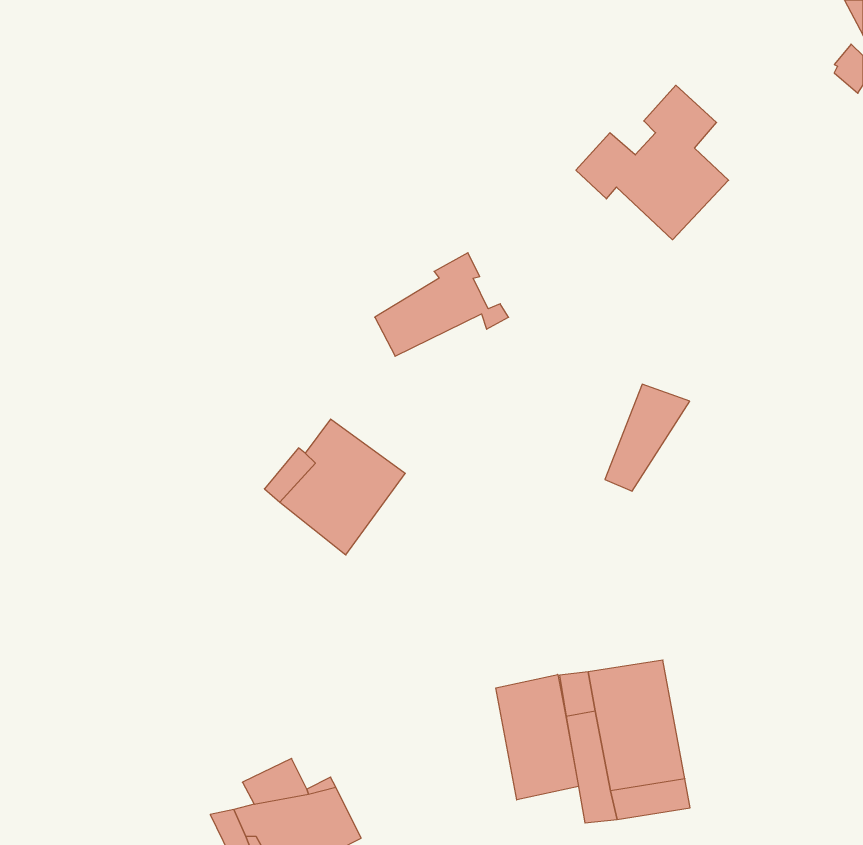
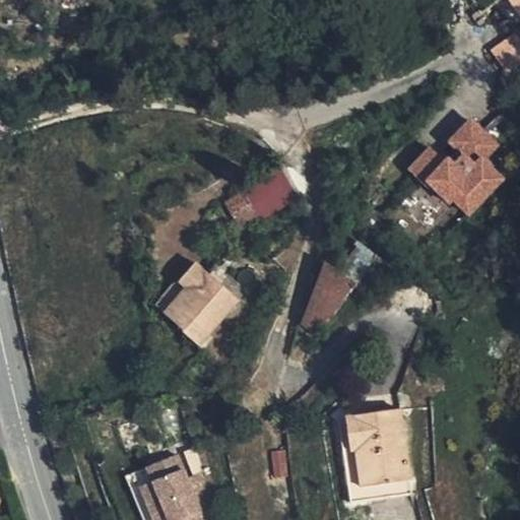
building: [576,85,729,240] -> [408,117,500,209]
building: [605,384,690,491] -> [306,263,356,327]
building: [496,674,579,800] -> none

